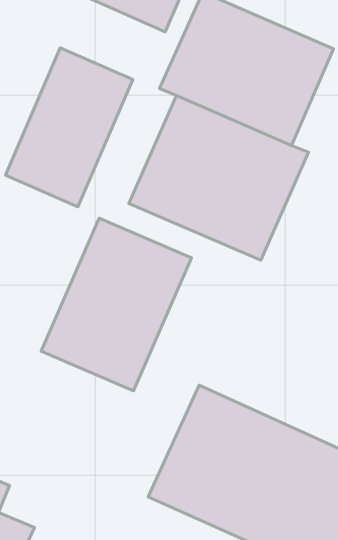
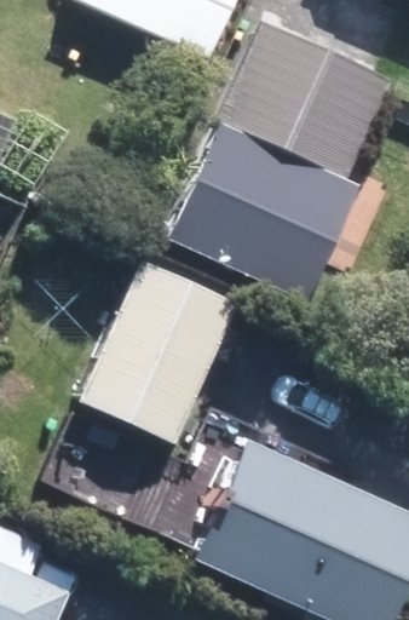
building: [5,48,133,207] -> none

